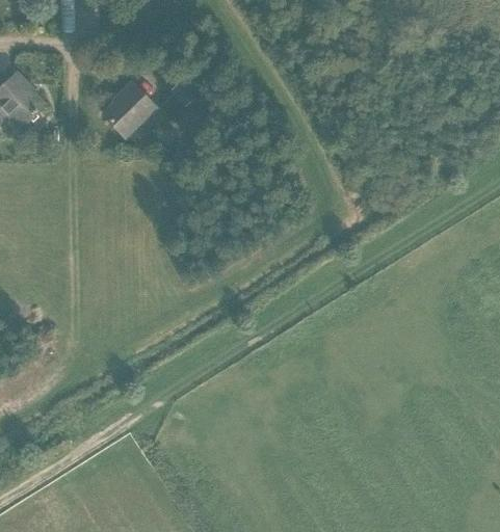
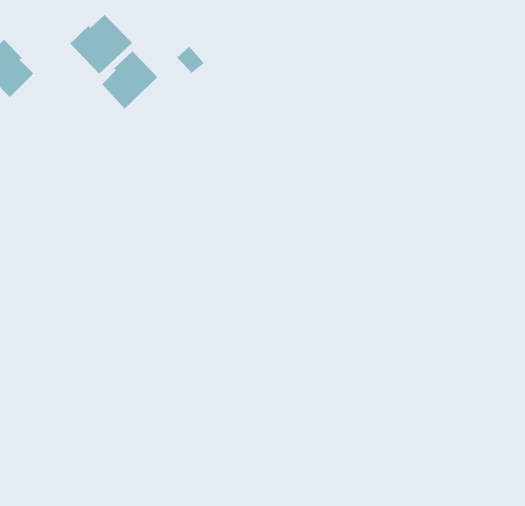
building: none -> [70,14,133,74]

